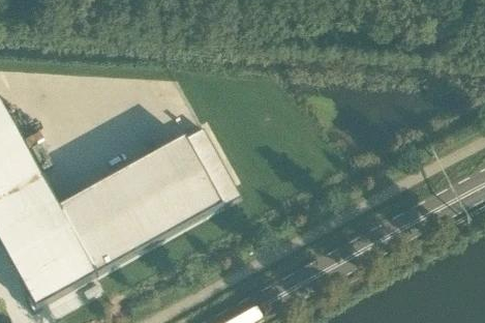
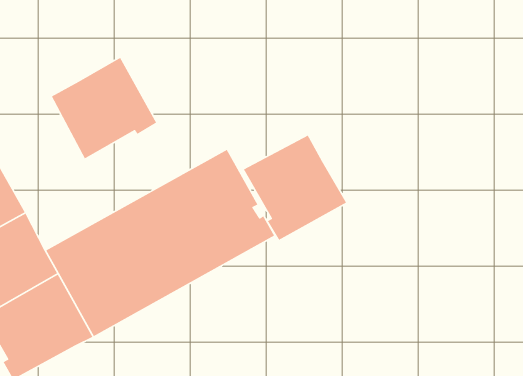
building: none -> [51,57,157,159]
building: none -> [243,134,347,241]

